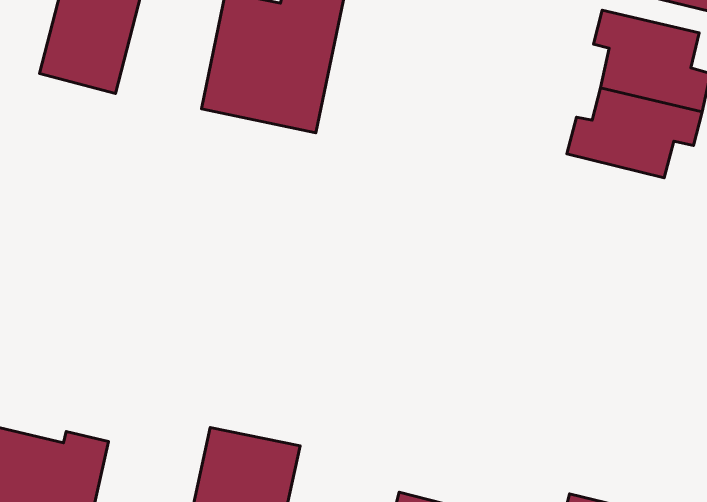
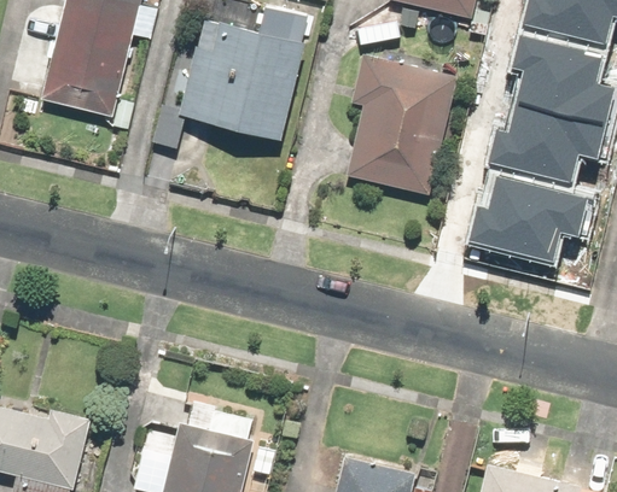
building: none -> [349,64,452,194]
building: none -> [471,177,593,262]

